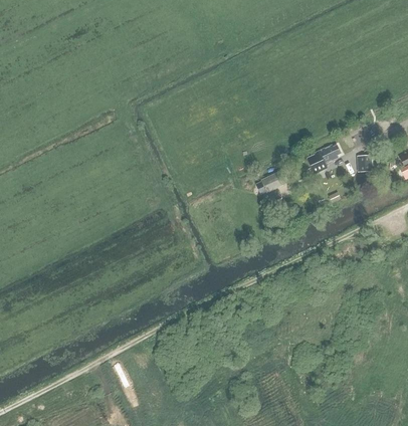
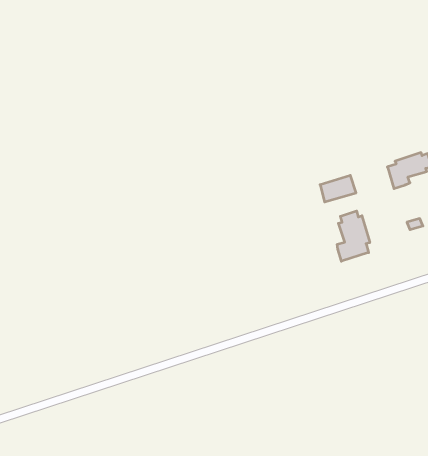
building: none -> [337,211,370,261]

